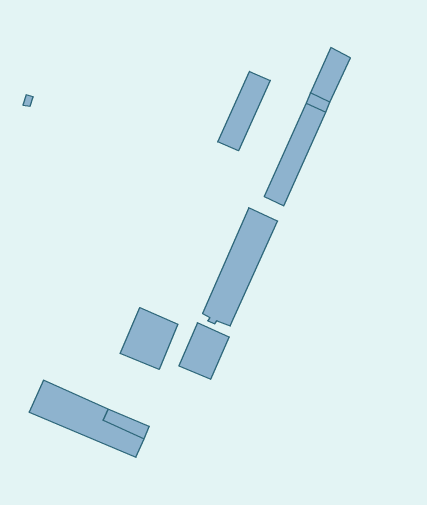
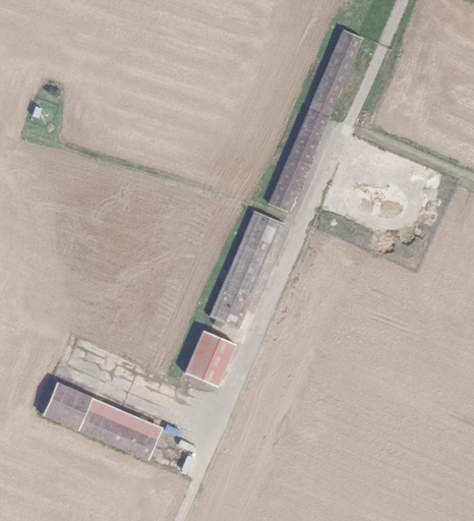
building: none -> [336,28,366,62]
building: [218,71,270,151] -> none
building: [120,308,178,369] -> none

